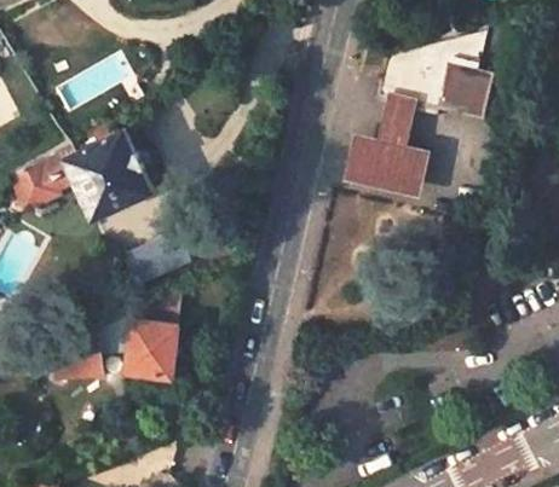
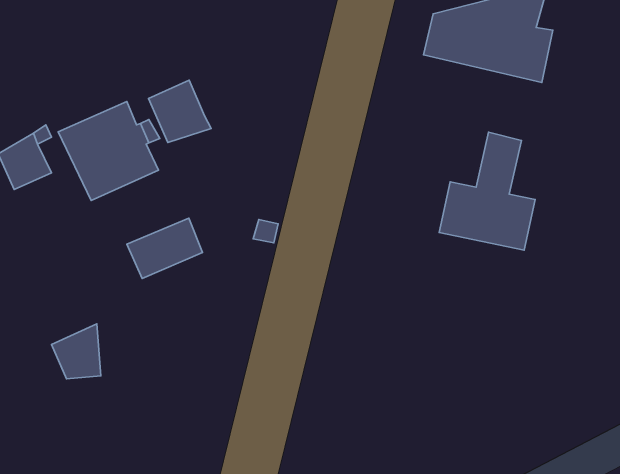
building: [345,94,430,198] -> [439,132,535,250]
building: none -> [149,80,211,142]
building: [123,291,178,378] -> none

